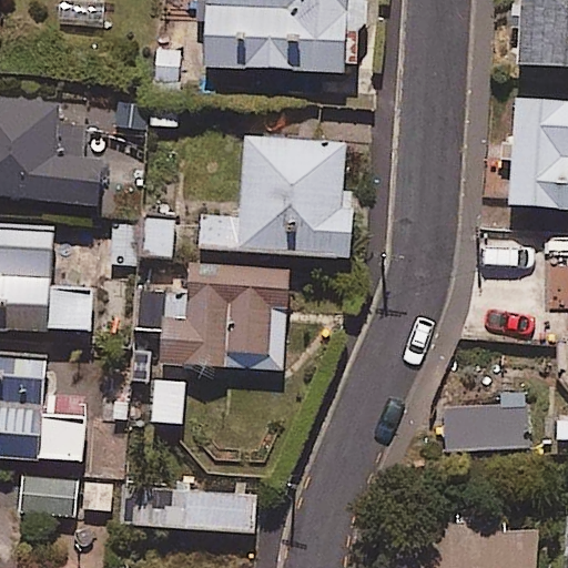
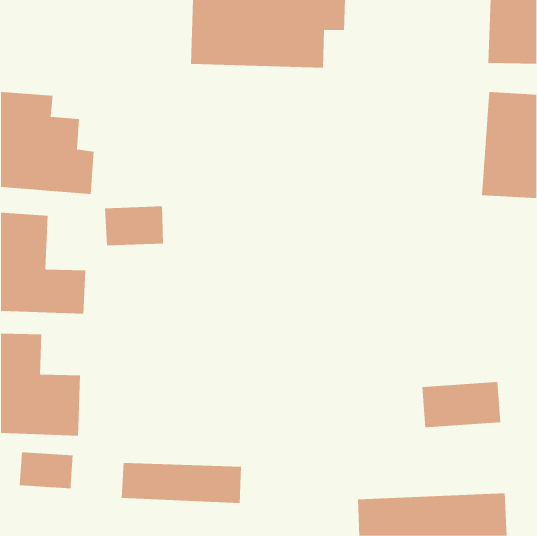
building: [196,138,351,258] -> none
building: [136,266,287,371] -> none

